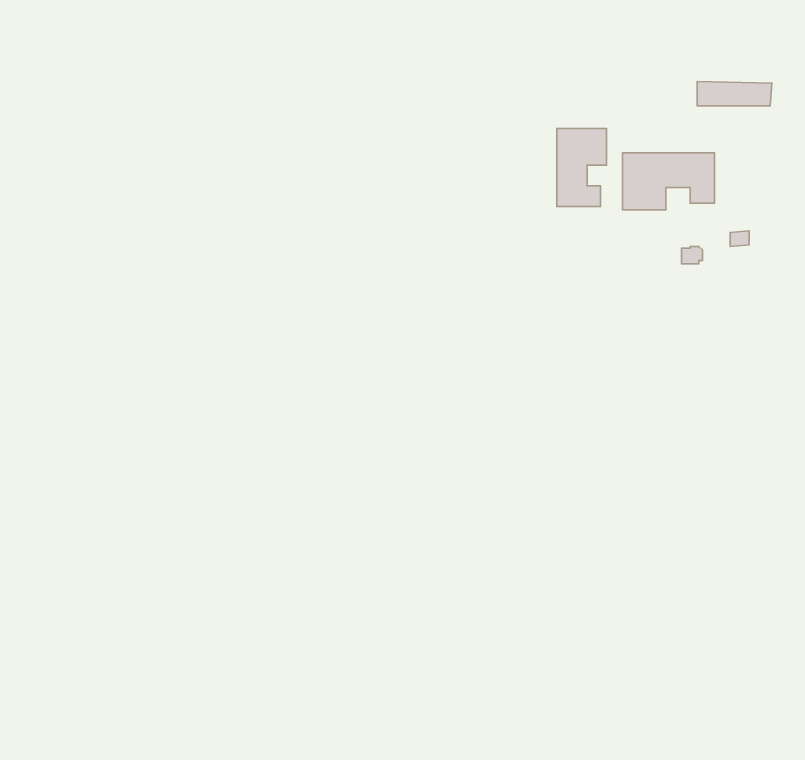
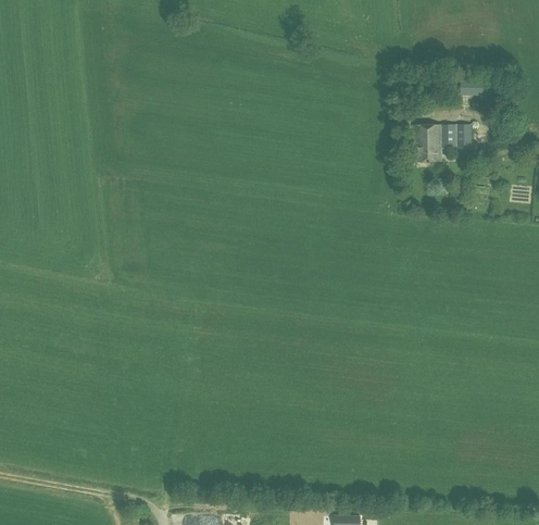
building: [557,129,607,206] -> none

